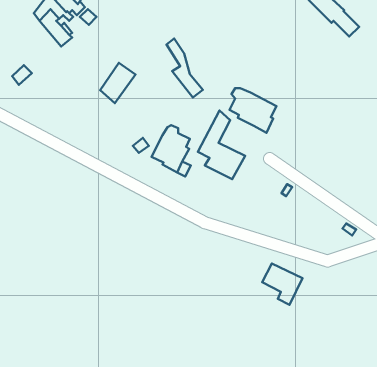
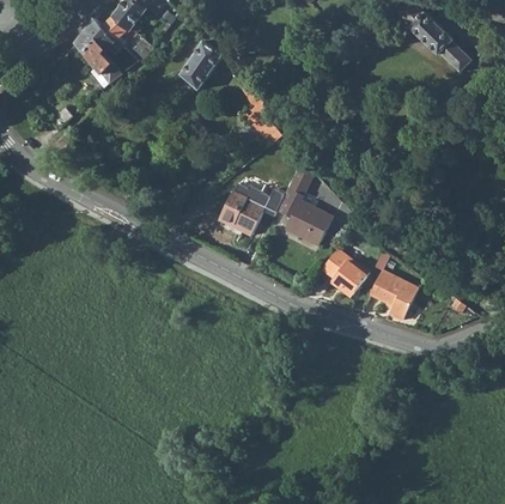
building: [100,63,136,103] -> [180,41,223,90]
building: [229,88,277,133] -> none
building: none -> [320,248,366,294]
building: [262,263,302,305] -> [369,271,418,321]

